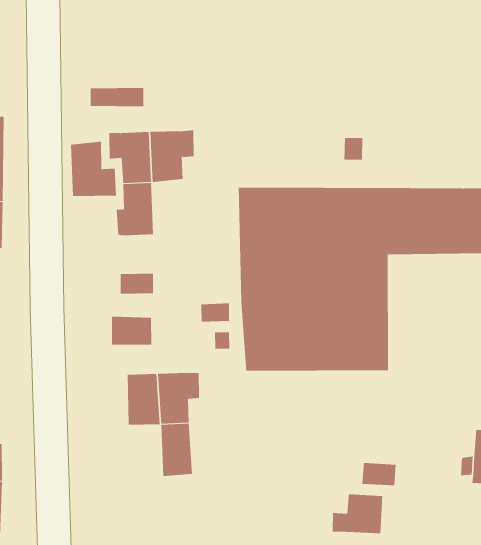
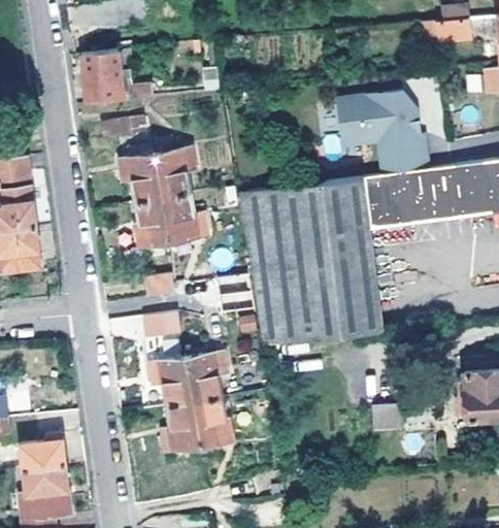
building: none -> [82,48,123,102]
building: none -> [341,92,429,173]
building: [70,141,117,197] -> [162,190,207,240]
building: none -> [162,402,202,452]
building: [332,494,383,534] -> none

